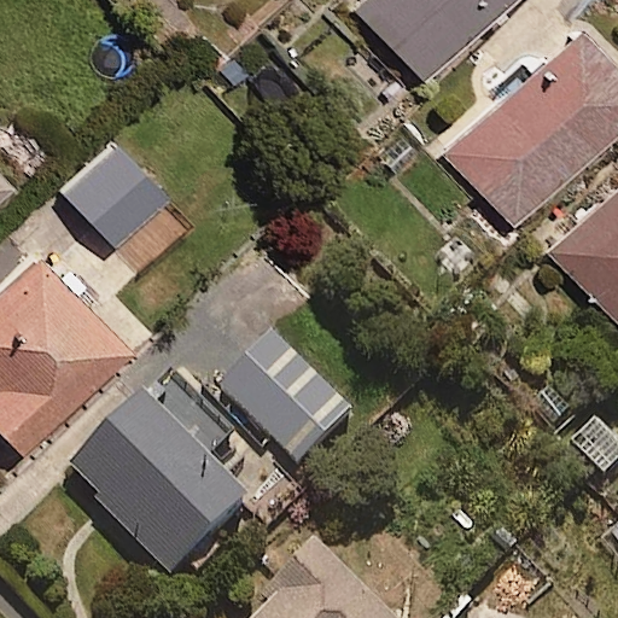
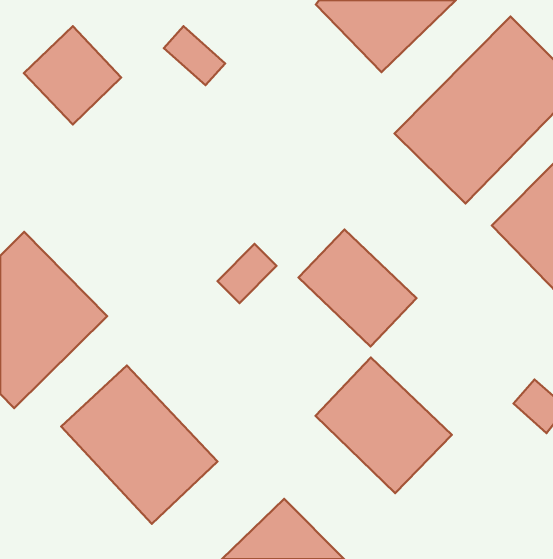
building: [59,138,167,246] -> [24,26,121,125]
building: [225,339,355,468] -> [298,229,416,346]
building: none -> [315,358,452,493]

